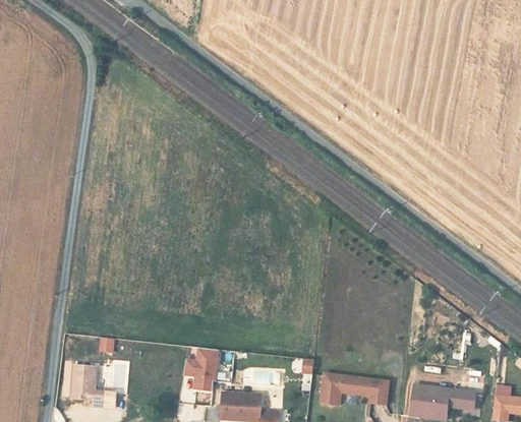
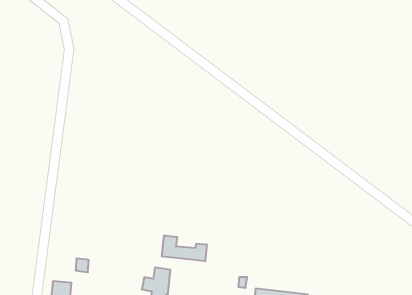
building: none -> [162,235,207,261]

